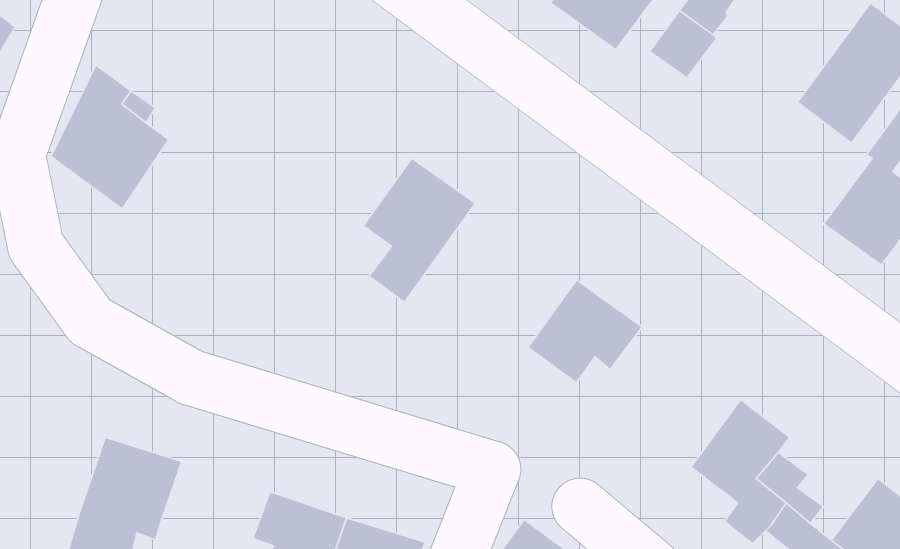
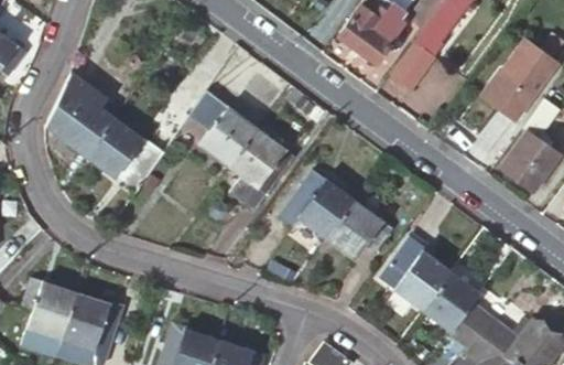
building: none -> [189,90,257,168]
building: none -> [86,117,163,193]
building: none -> [276,171,354,239]
building: none -> [377,234,451,310]
building: none -> [22,277,76,337]

